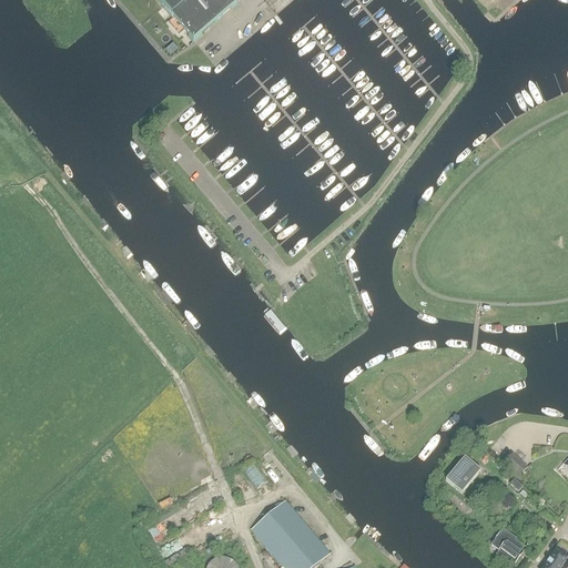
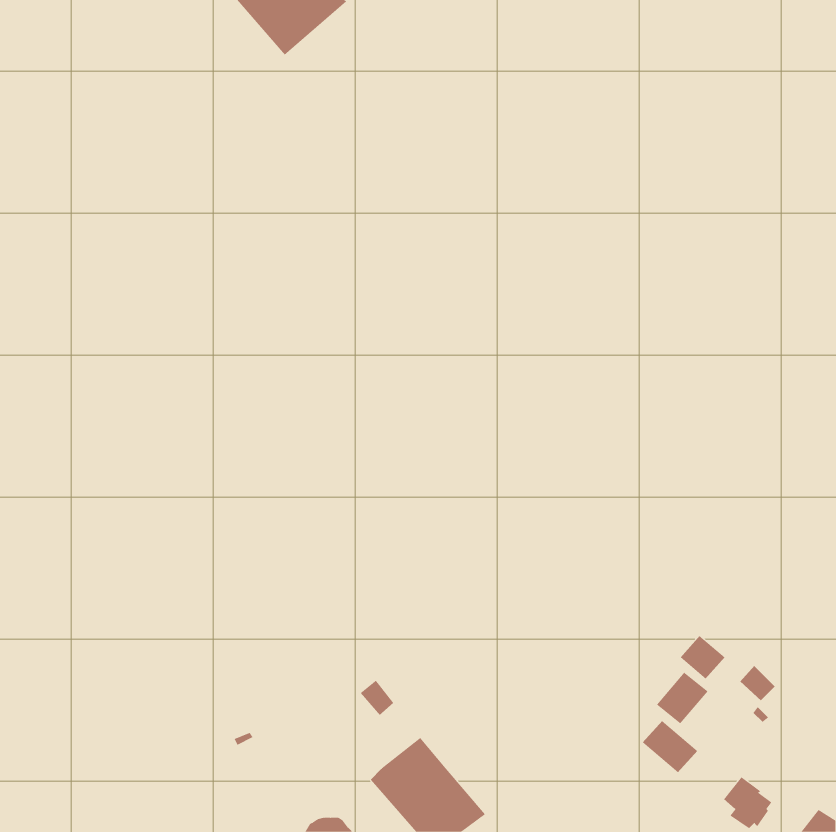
building: none -> [680,635,726,679]
building: none -> [642,720,698,773]

